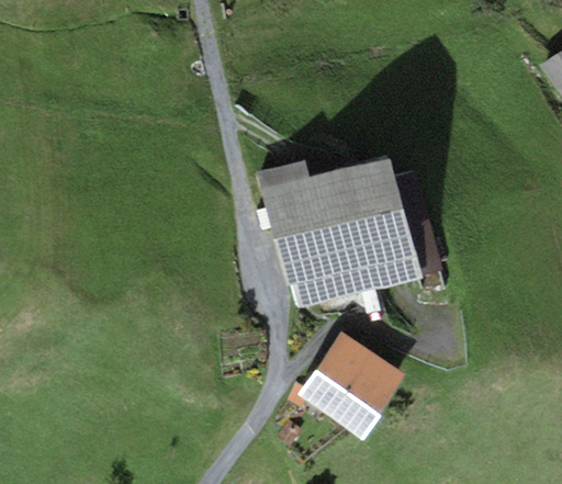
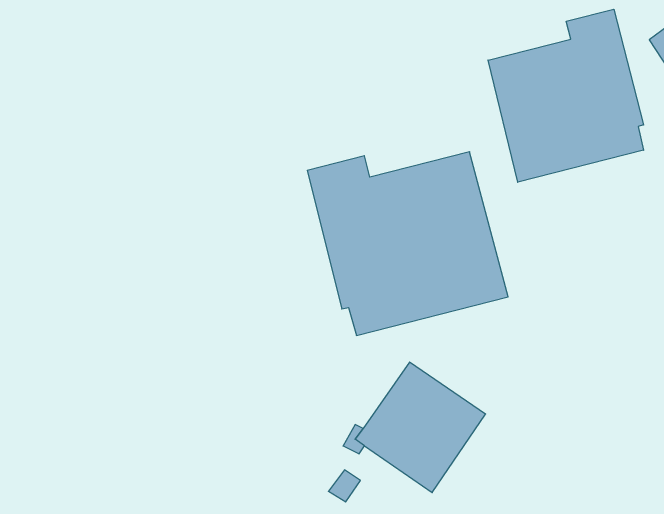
building: none -> [488,9,644,182]

